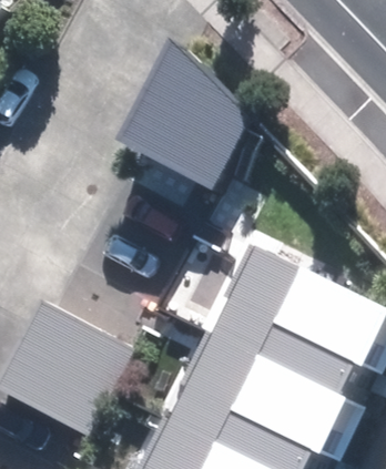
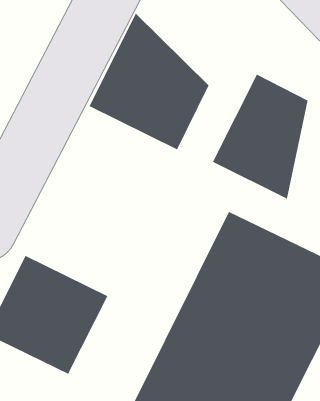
building: none -> [212,74,308,200]

